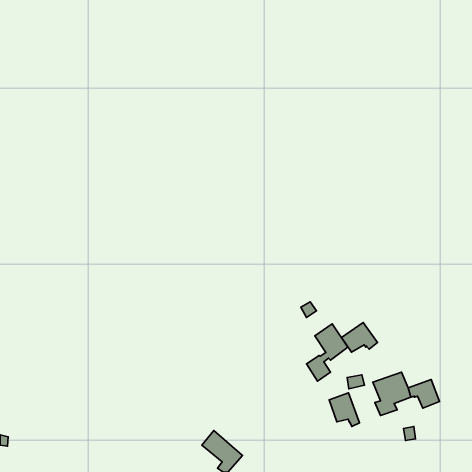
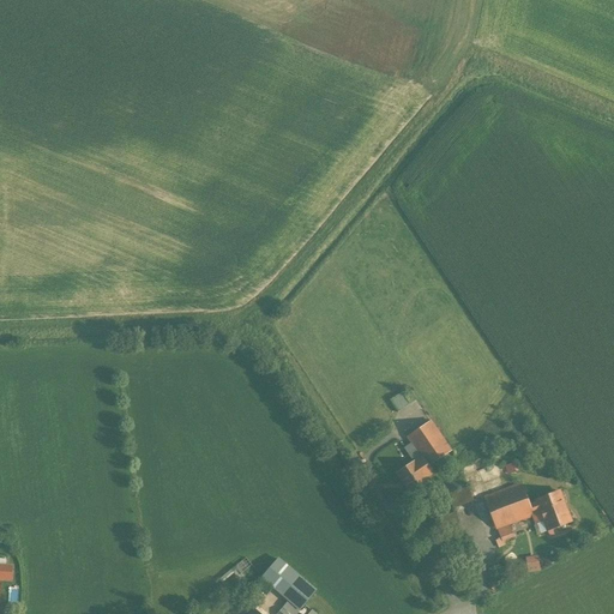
building: [342,322,378,352] -> none
building: [329,393,359,427] -> none

